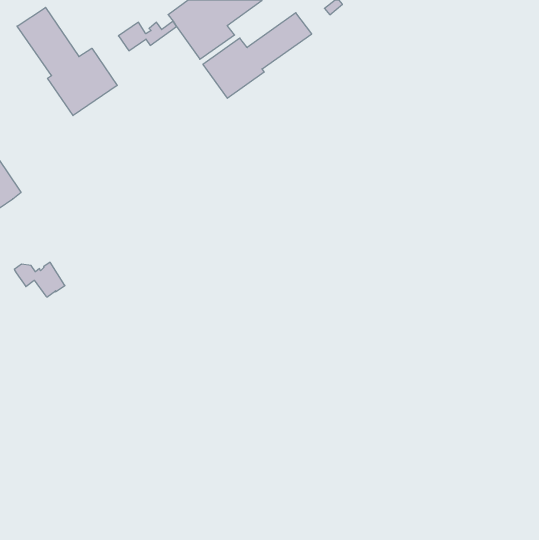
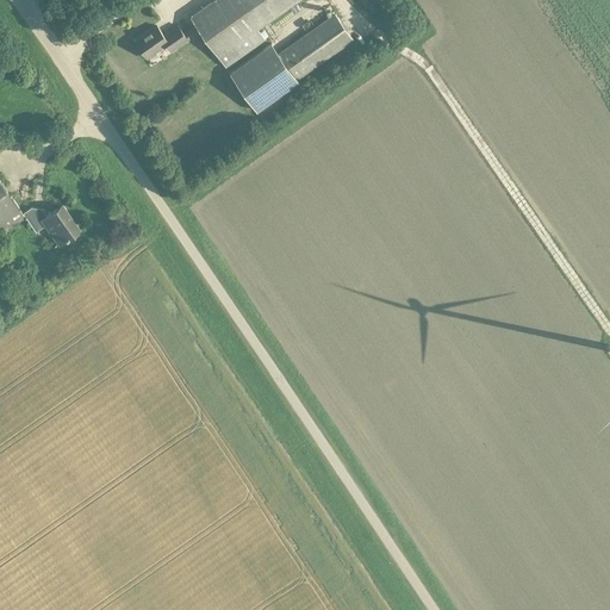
building: [17,7,117,116] -> none
building: [14,262,65,297] -> [21,205,79,244]

